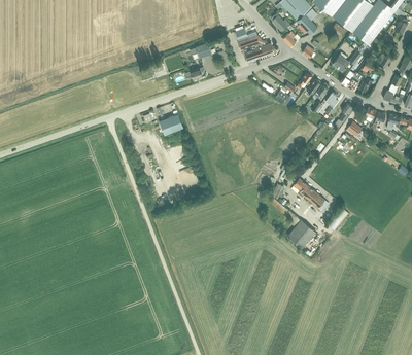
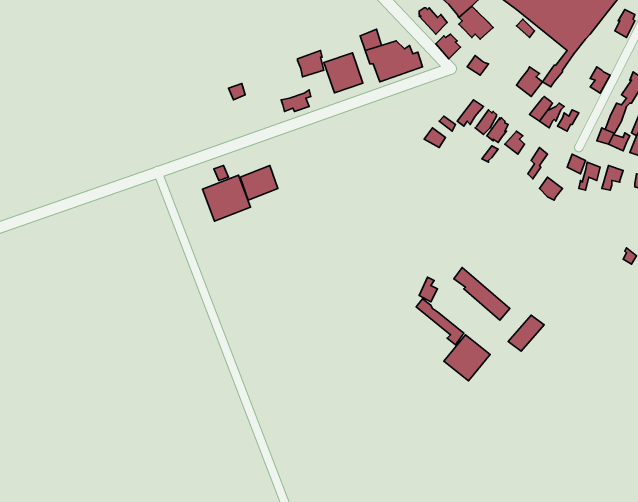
building: none -> [324,53,363,93]
building: none -> [202,175,251,221]

